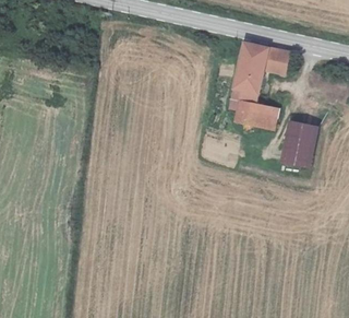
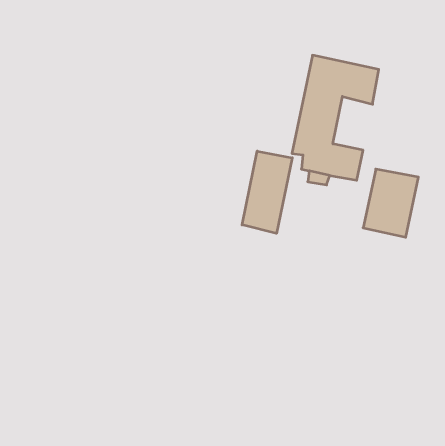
building: none -> [242,151,292,233]

